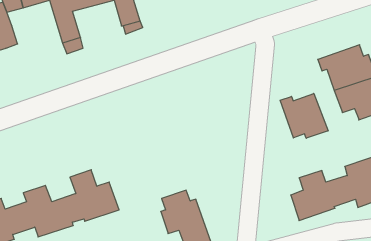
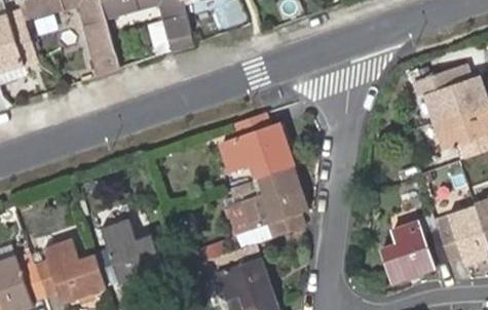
building: none -> [221,110,307,236]
building: [280,93,328,138] -> none

